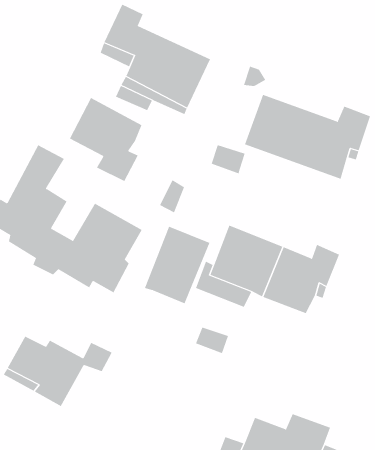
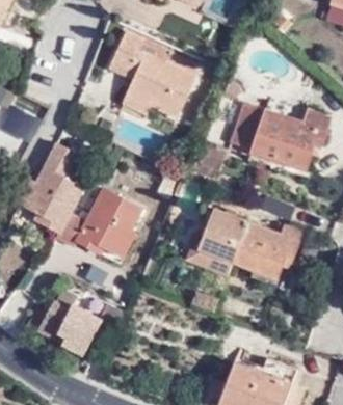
building: [69,97,142,182] -> none
building: [144,226,210,304] -> none

